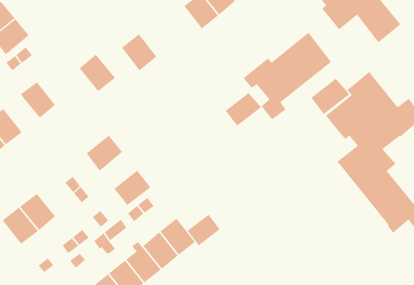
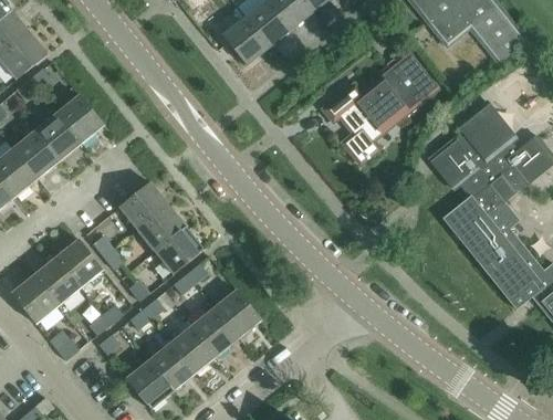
building: [121,33,157,71] -> [222,17,269,65]
building: [79,54,116,92] -> [56,95,104,144]
building: [311,78,350,115] -> none
building: [225,92,262,127] -> none
building: none -> [13,130,60,179]
building: none -> [137,204,186,252]
building: none -> [56,240,103,287]
building: [187,214,221,246] -> none

